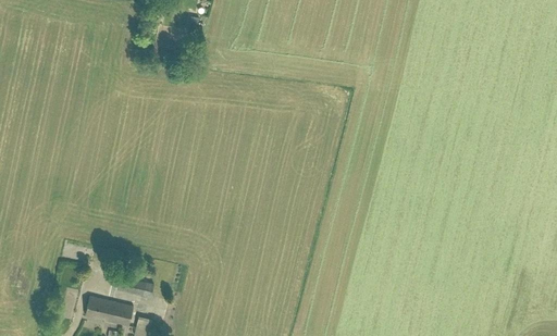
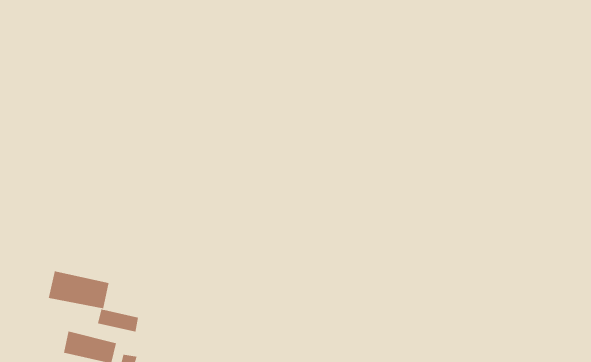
building: none -> [48,270,109,309]

